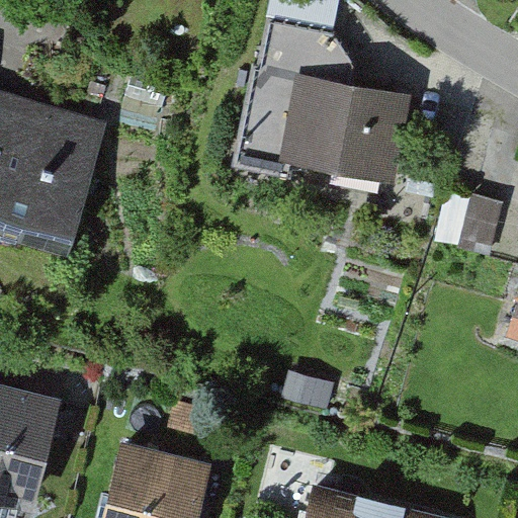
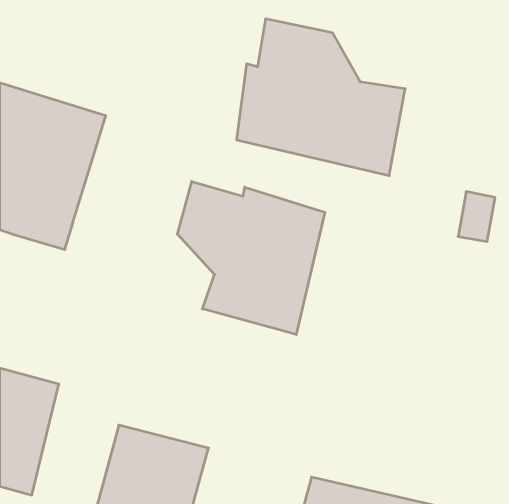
building: none -> [177,181,325,335]

